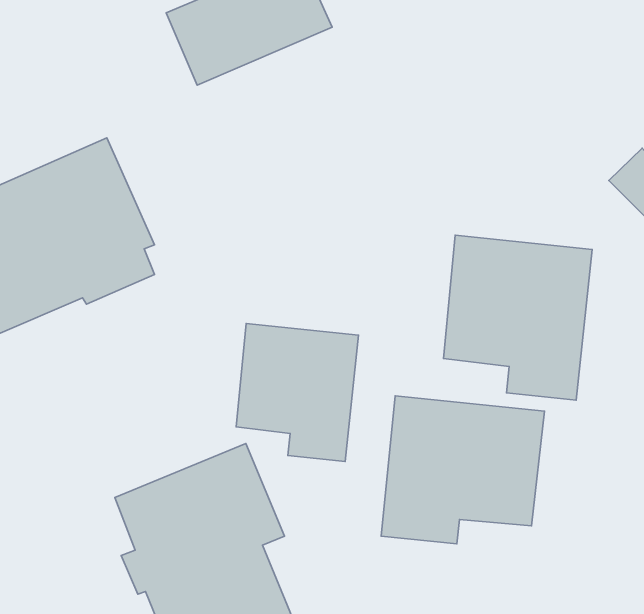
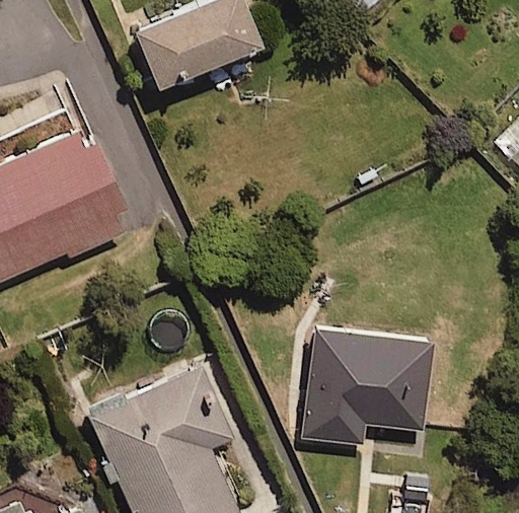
building: [443,235,592,400] -> none
building: [236,323,359,462] -> none

